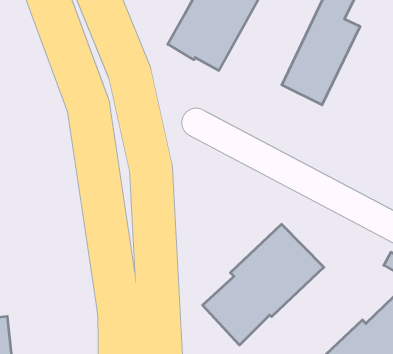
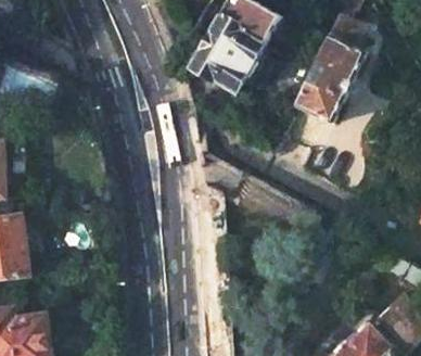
building: [203,224,324,345] -> none

